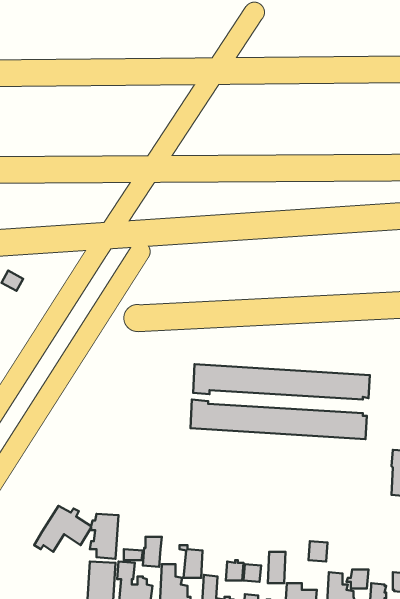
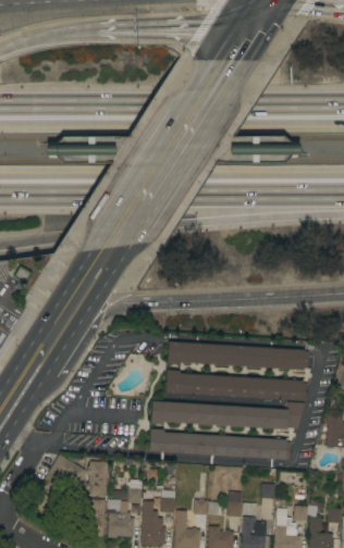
building: none -> [151,401,305,429]
building: none -> [149,428,291,460]

